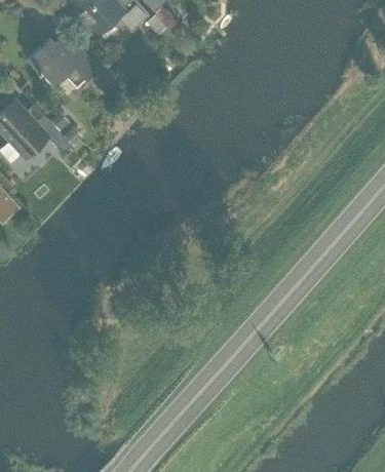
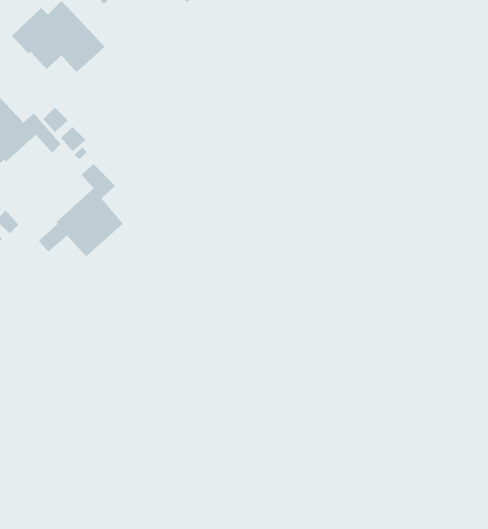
building: none -> [38,163,124,257]

